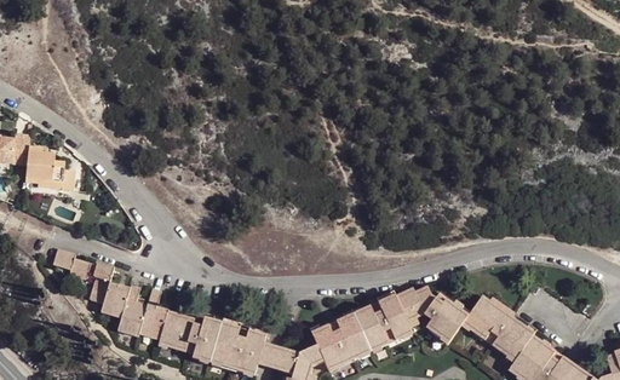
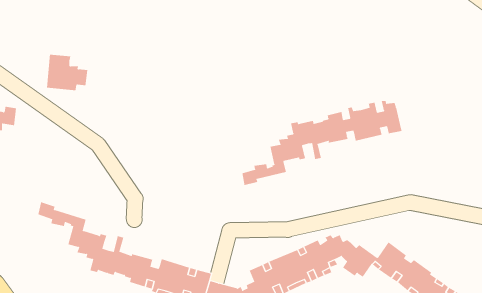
building: none -> [242,100,402,186]
building: [25,150,76,195] -> [46,54,88,91]

